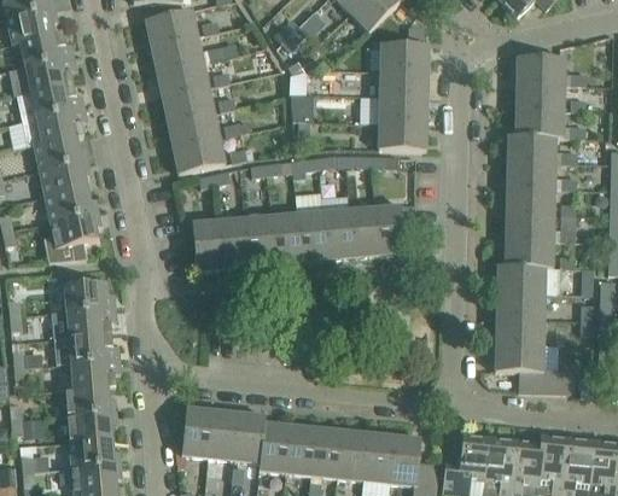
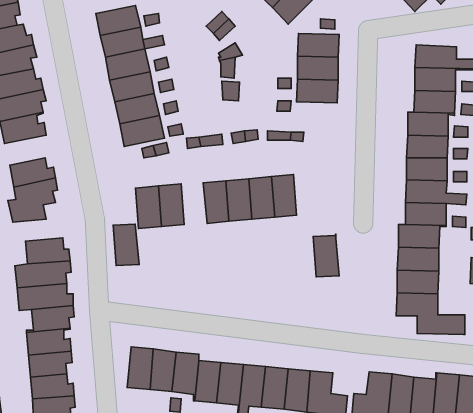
building: [379,122,426,150] -> none
building: [40,161,91,196] -> none
building: [375,204,406,253] -> [313,234,339,277]
building: [245,216,275,264] -> [113,224,139,266]

